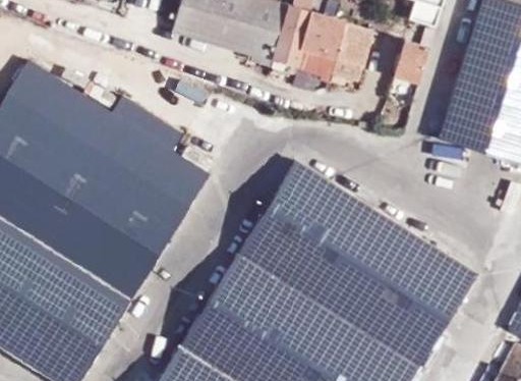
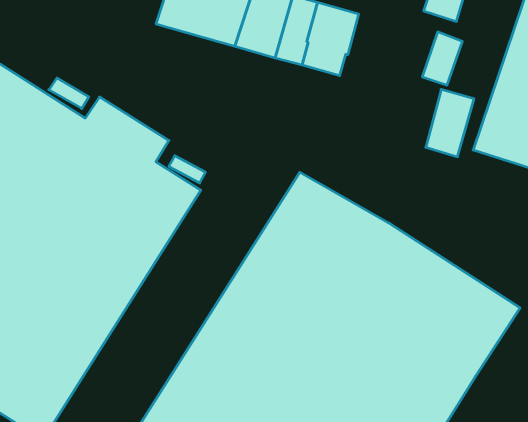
building: [333,23,374,81] -> [426,89,474,157]

